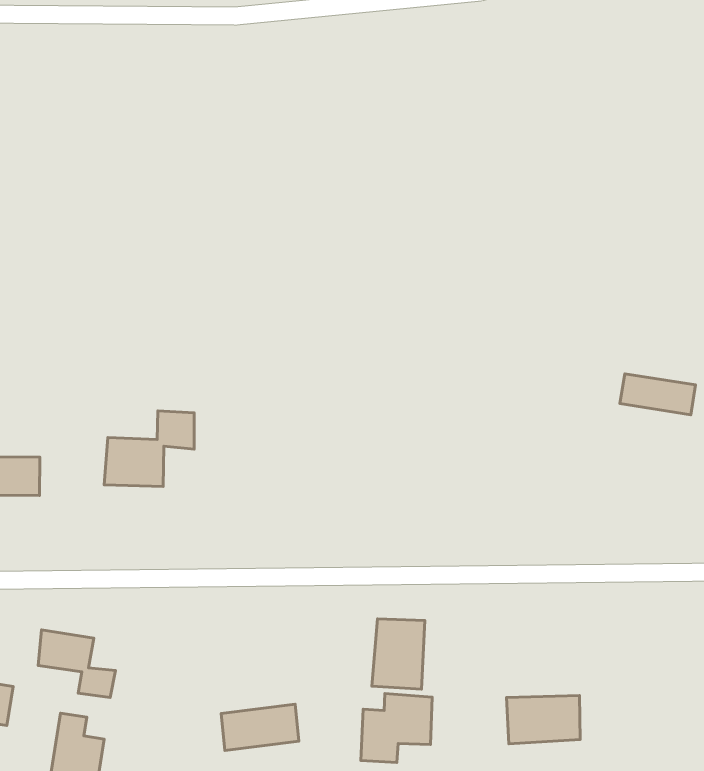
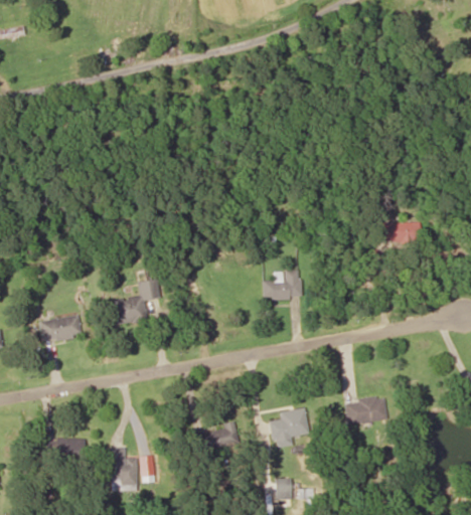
building: none -> [264,270,301,297]
building: [372,619,425,689] -> none
building: [38,630,115,697] -> none

